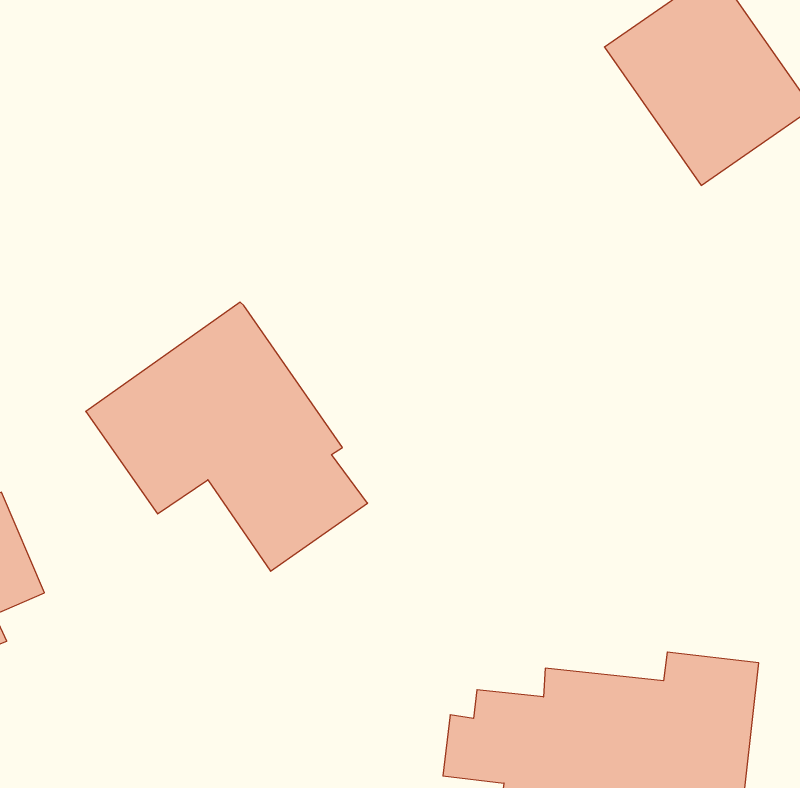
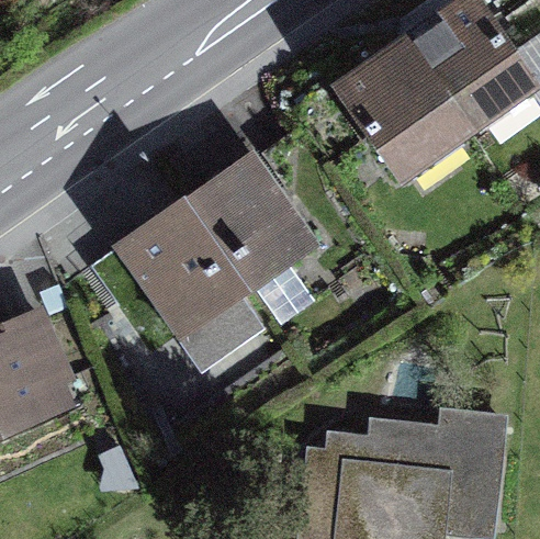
building: none -> [344,43,469,173]
building: none -> [189,156,315,289]

